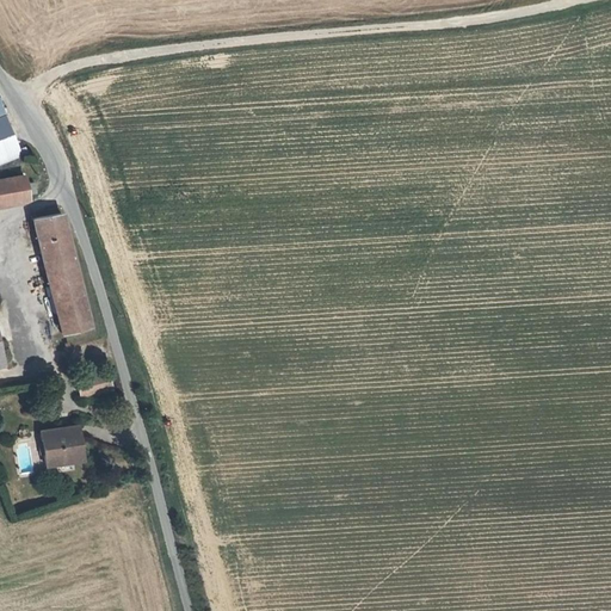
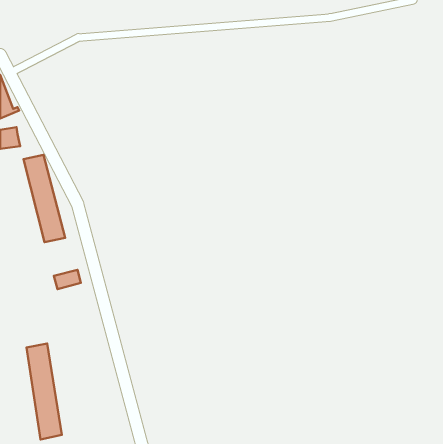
building: [42,425,84,467] -> none
building: none -> [27,344,62,439]

